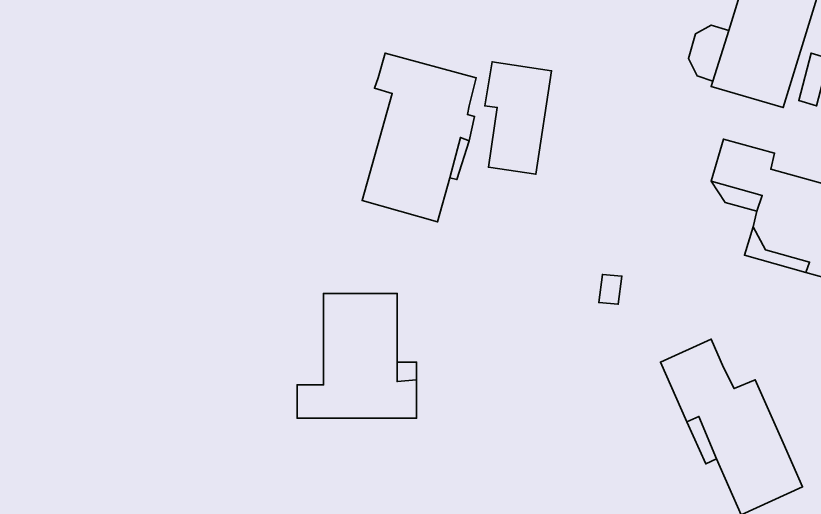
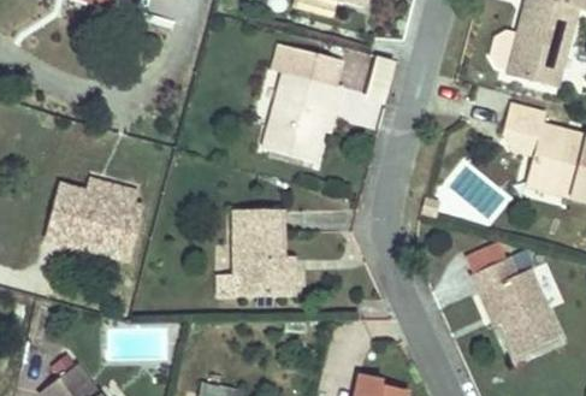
building: none -> [46,178,148,265]

